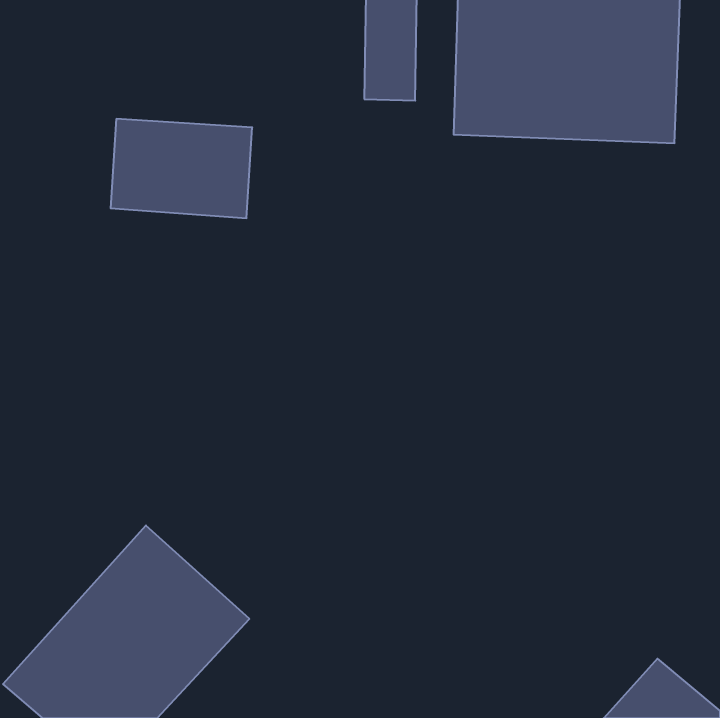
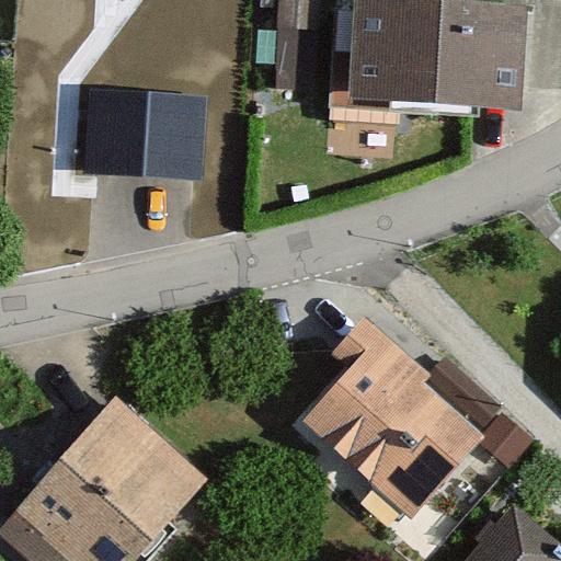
building: none -> [311,345,472,503]

